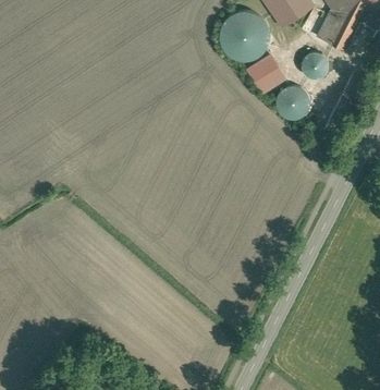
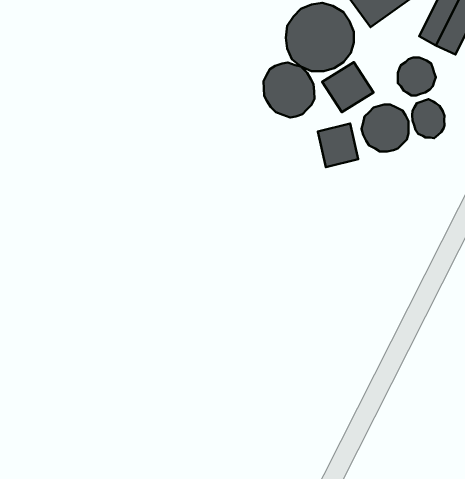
building: none -> [263,63,314,118]
building: none -> [412,99,445,138]
building: none -> [318,124,358,167]

